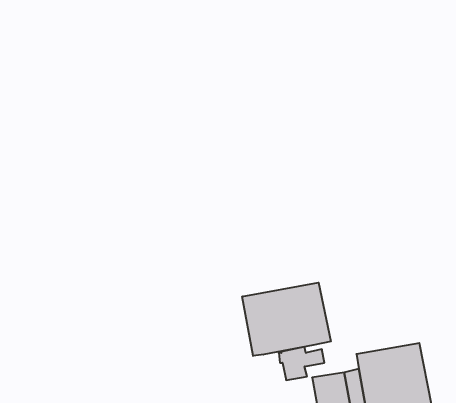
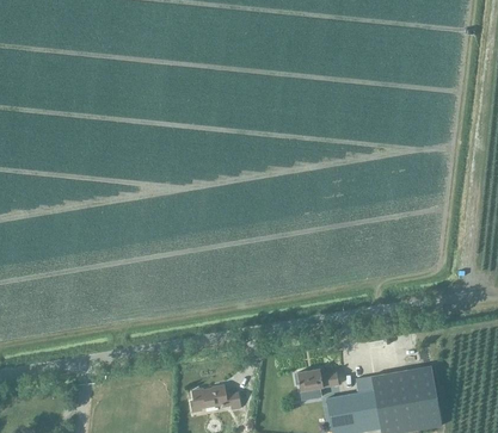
building: [242,283,331,356] -> none
building: none -> [191,384,232,410]

